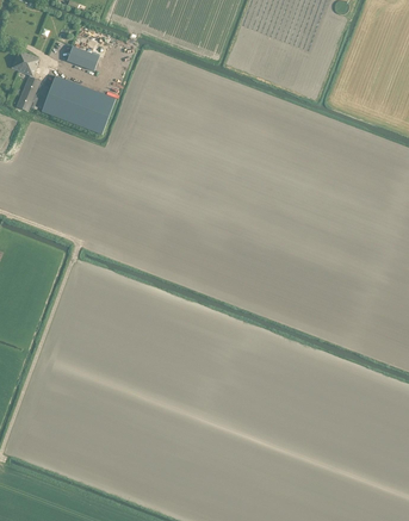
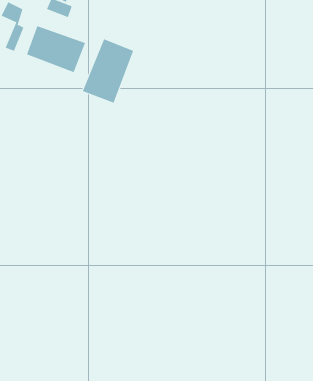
building: none -> [82,38,134,103]

